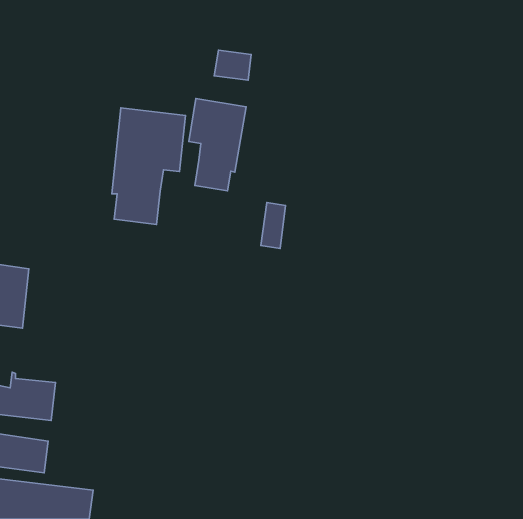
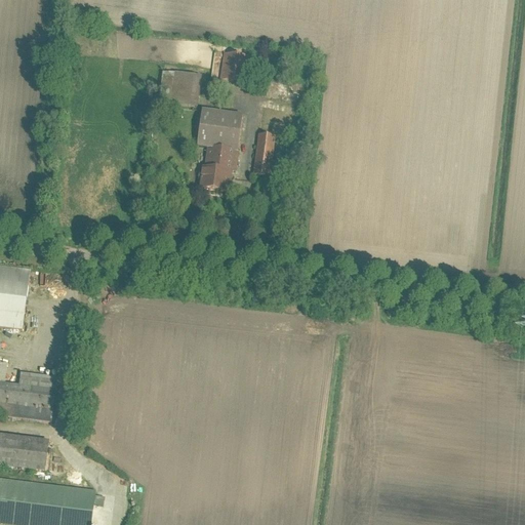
building: none -> [156,70,195,102]
building: [112,108,186,224] -> none
building: [261,202,285,249] -> [250,133,275,179]

